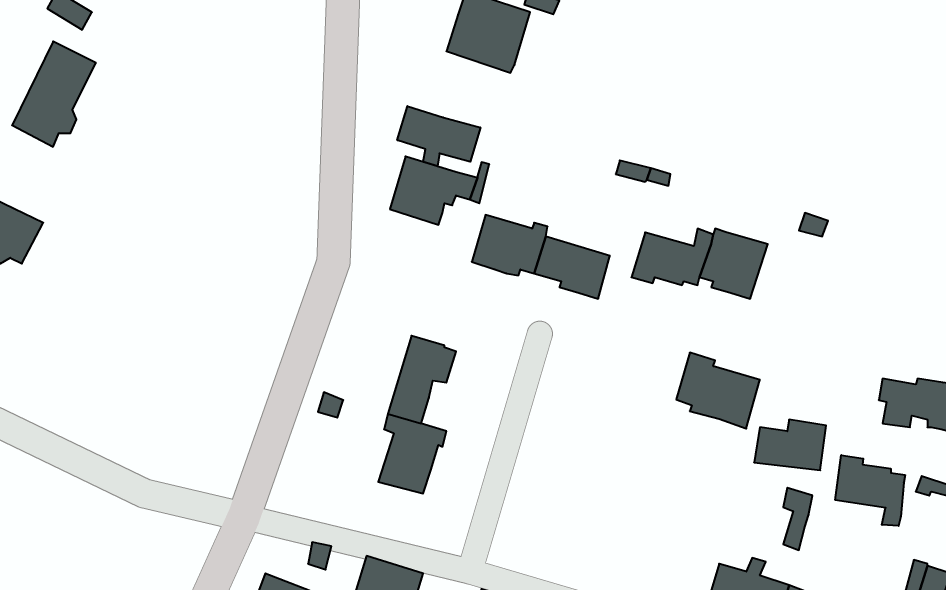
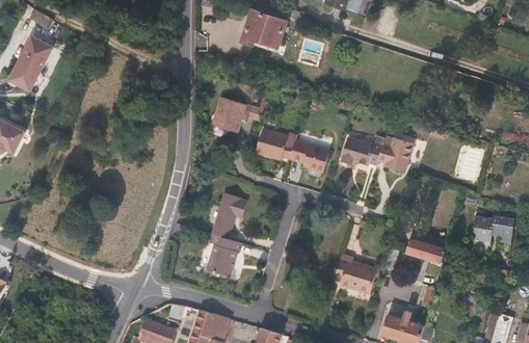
building: [397,106,480,166] -> none
building: [676,353,760,429] -> [333,253,377,293]
building: [835,455,905,526] -> none

